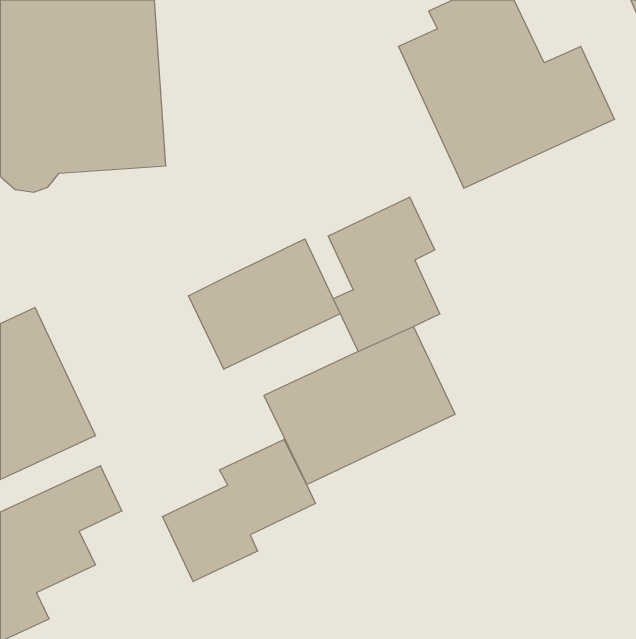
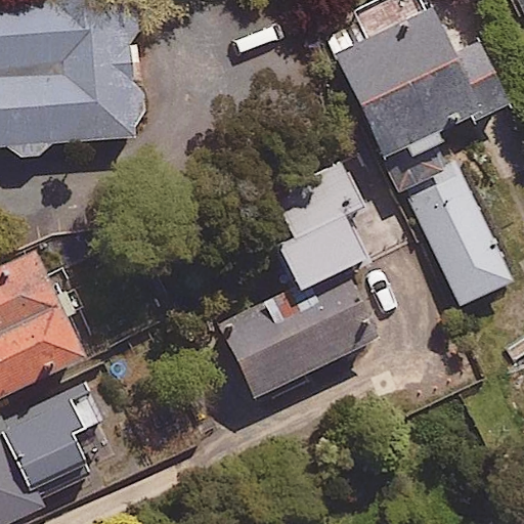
building: none -> [407,170,518,308]
building: [188,239,340,369] -> none
building: [162,439,316,582] -> none

